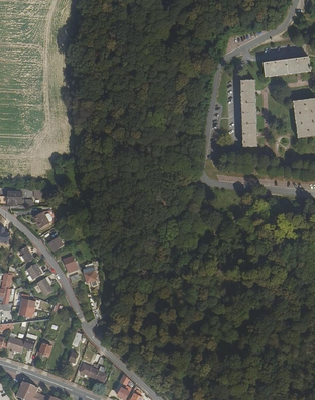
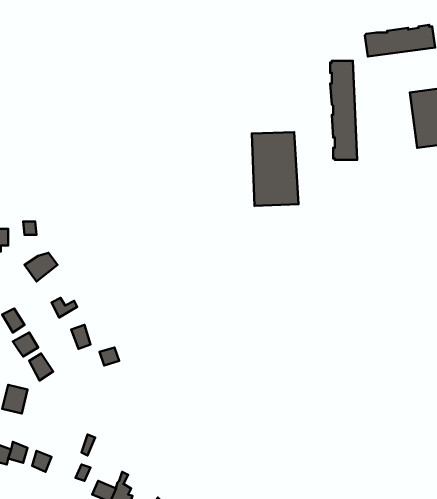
building: none -> [252,132,299,206]

